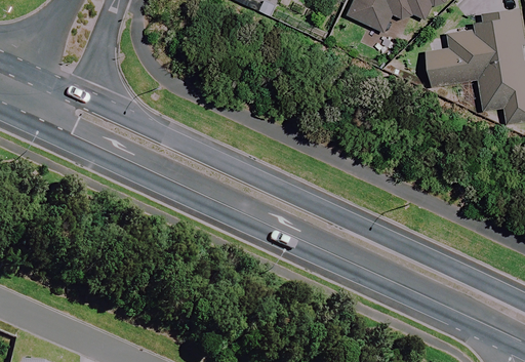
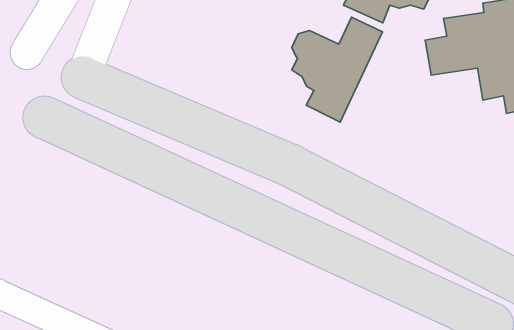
building: none -> [292,17,383,122]

